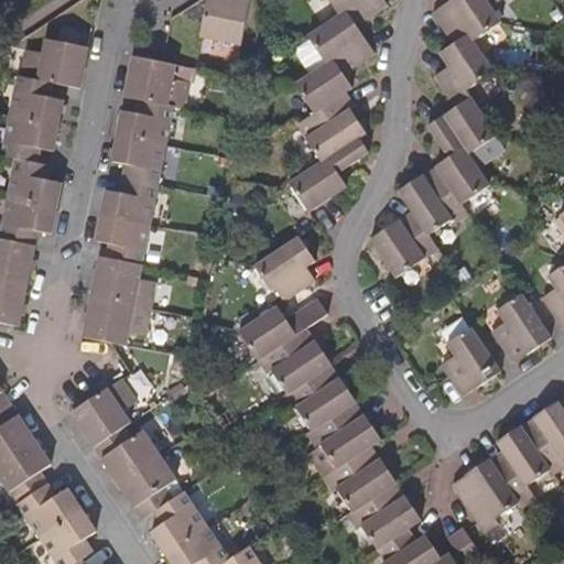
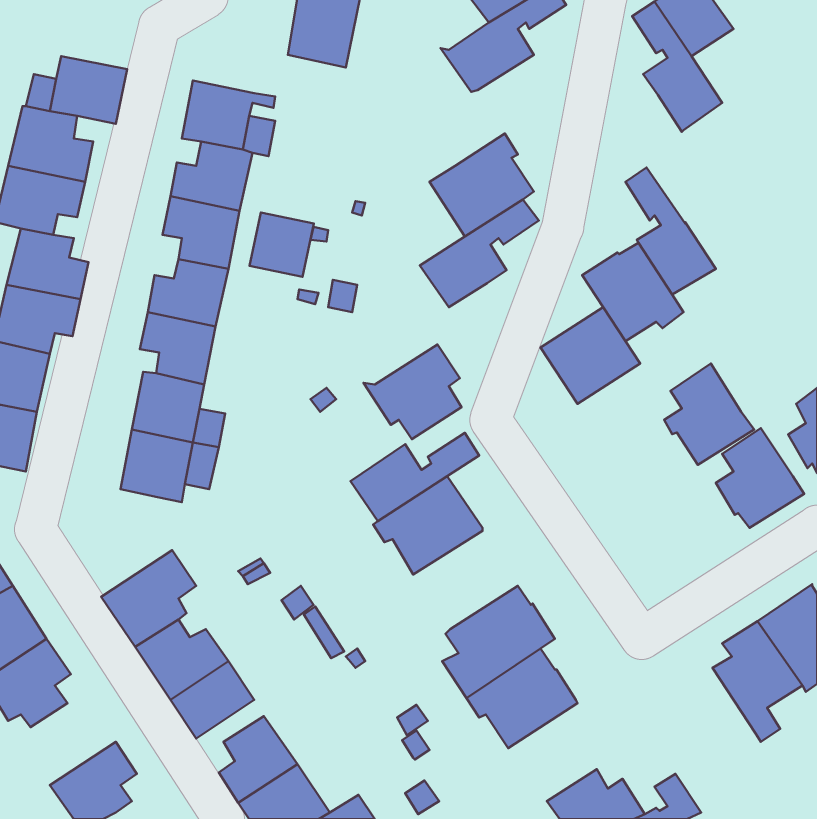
building: [290,37,375,113] -> none
building: [435,65,506,163] -> none
building: none -> [250,212,314,277]
building: [440,326,501,395] -> [664,363,754,465]
building: [280,364,355,431] -> none
building: [452,457,518,532] -> none
building: [12,481,79,538] -> none
building: [344,481,421,549] -> none

